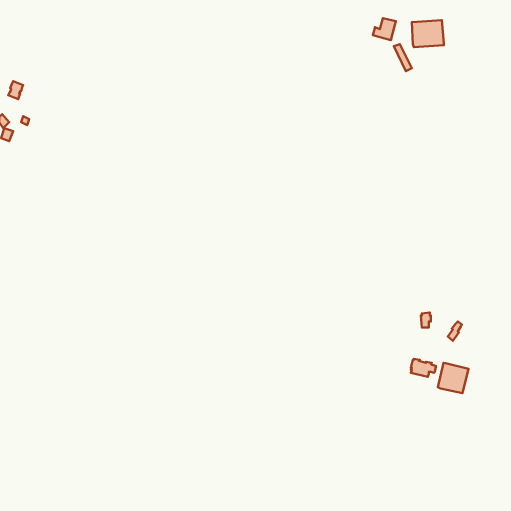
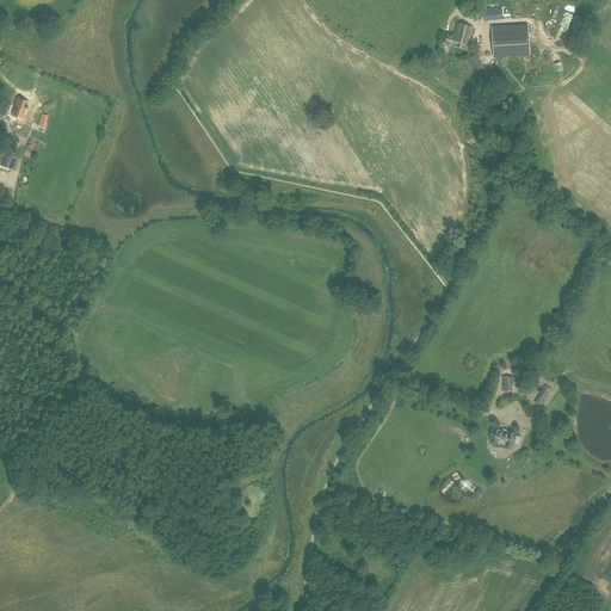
building: [438,363,468,393] -> none

